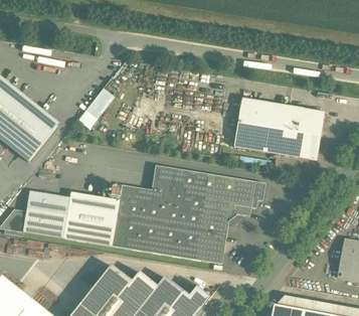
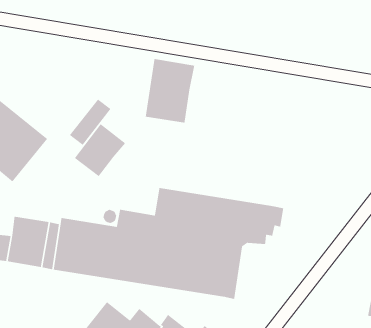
building: none -> [145,58,195,124]
building: [233,98,326,160] -> none
building: none -> [74,123,126,177]

